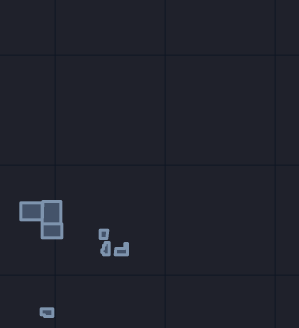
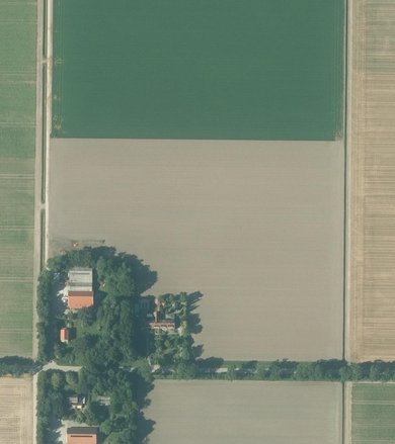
building: [21,203,42,220] -> none

